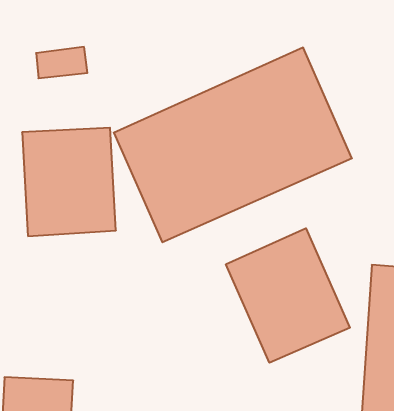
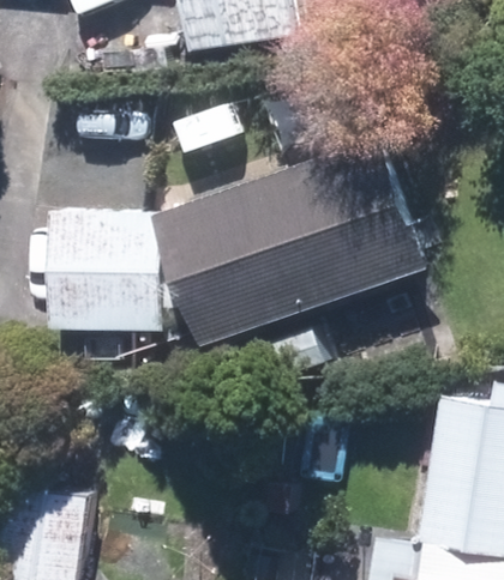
building: [226,228,350,363] -> none

